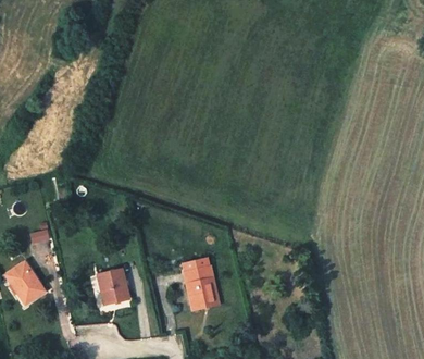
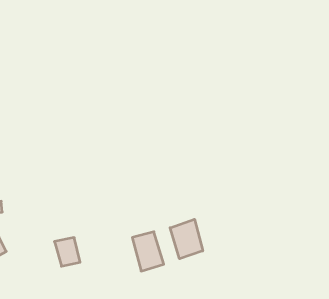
building: none -> [170,219,203,259]

